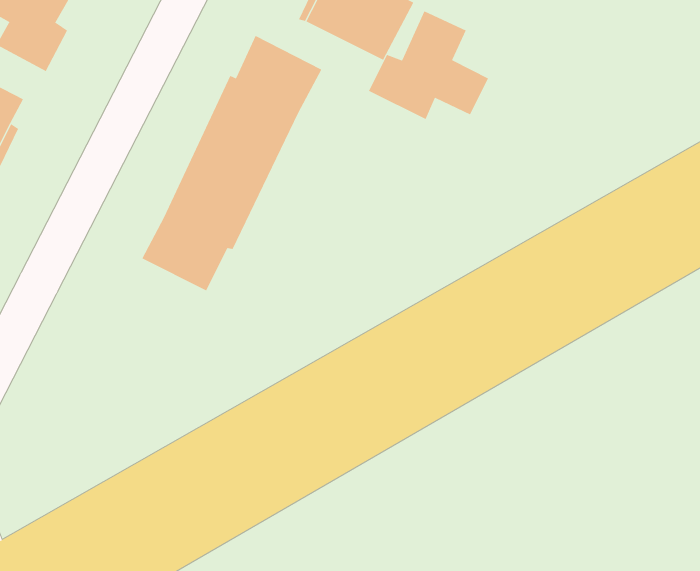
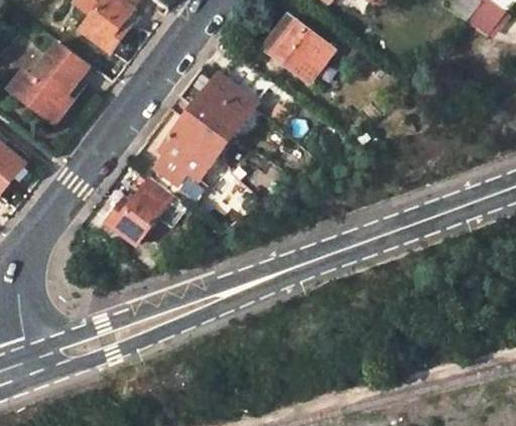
building: [368,11,489,120] -> none
building: none -> [107,174,185,244]

